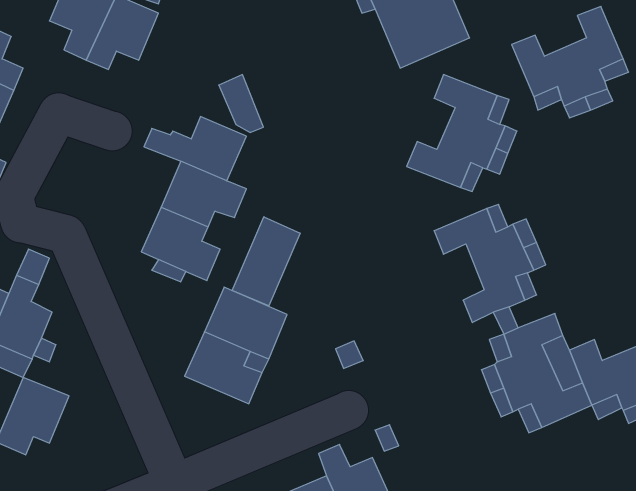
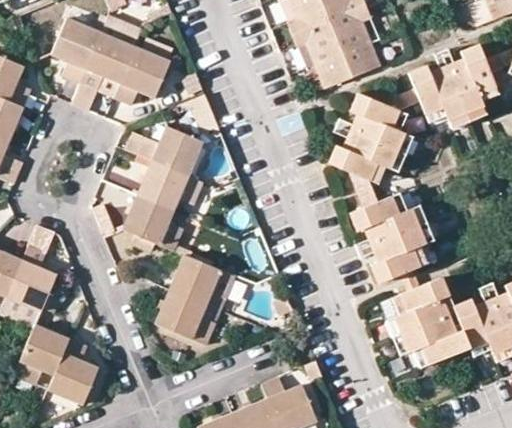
building: none -> [115,47,172,105]
building: [232,217,300,306] -> none
building: none -> [48,339,96,404]

